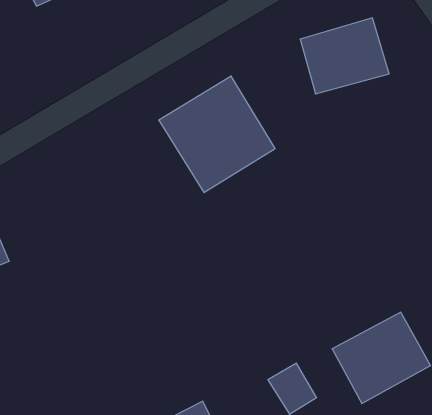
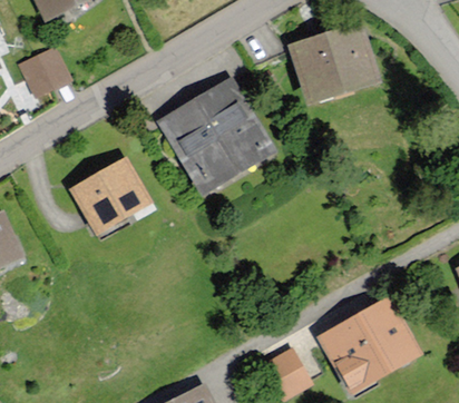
building: none -> [21,48,70,96]
building: none -> [75,164,146,229]

